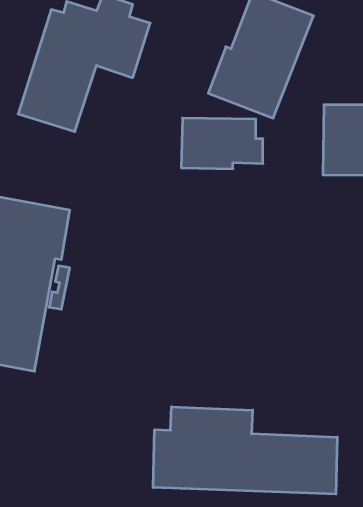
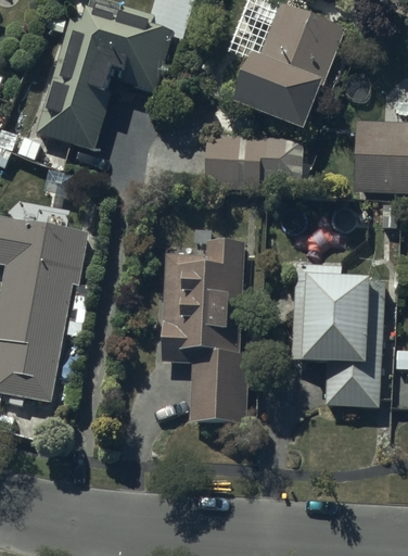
building: none -> [161,240,247,424]
building: none -> [291,263,383,407]
building: [153,407,337,494] -> none

